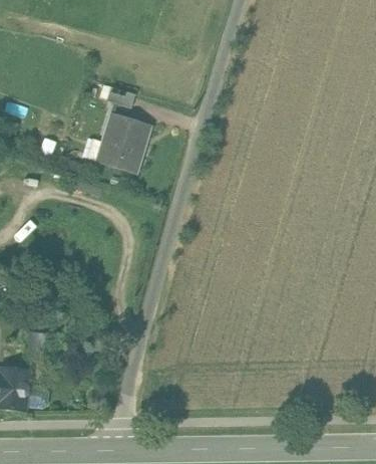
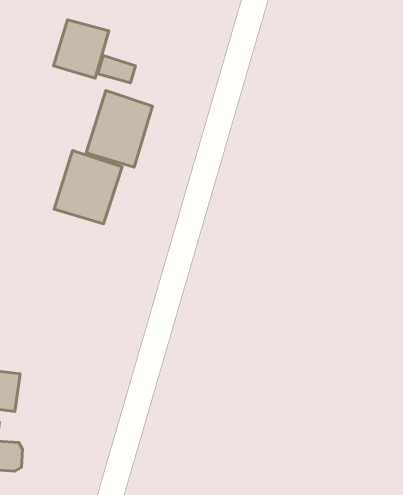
building: none -> [54,20,109,78]
building: none -> [54,150,122,224]

